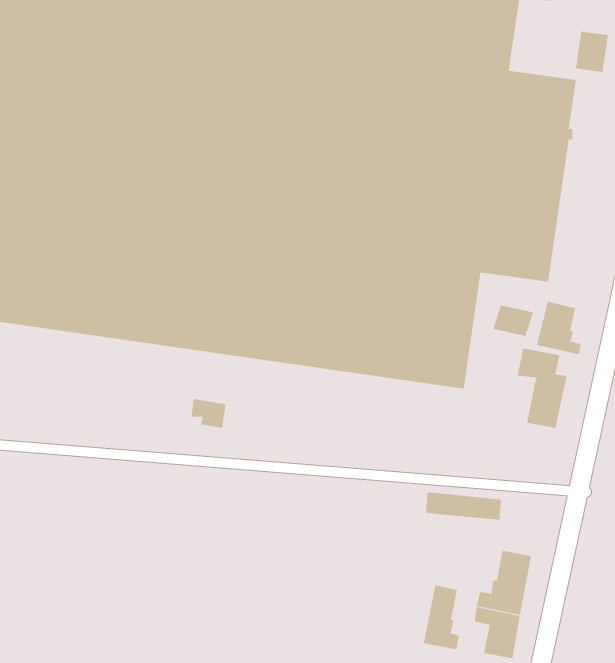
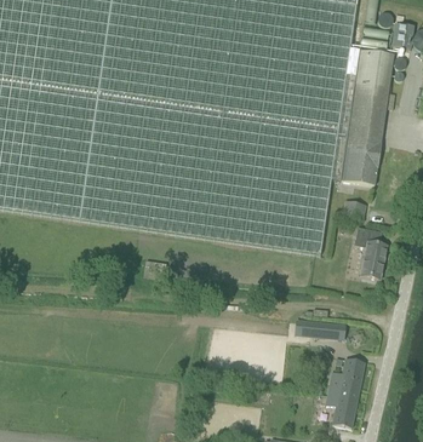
building: [536,301,581,355] -> none
building: [423,585,459,650] -> none

